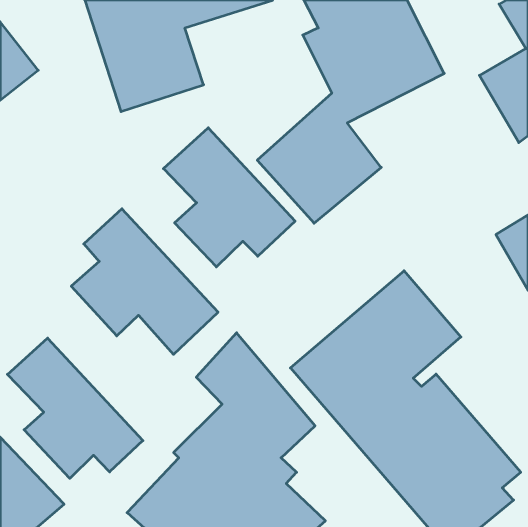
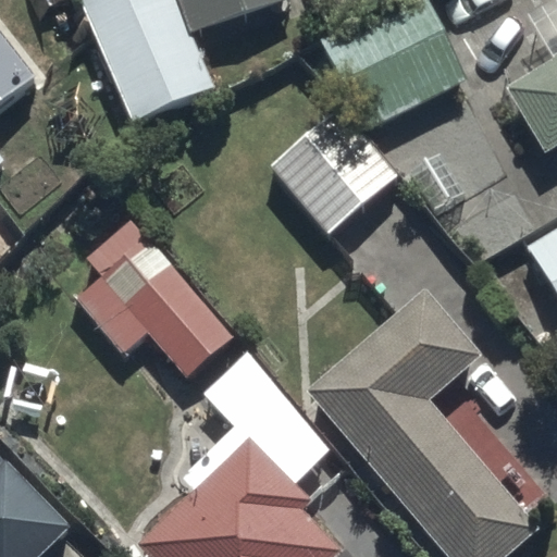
building: [163,128,295,267] -> none
building: [7,338,143,478] -> none

